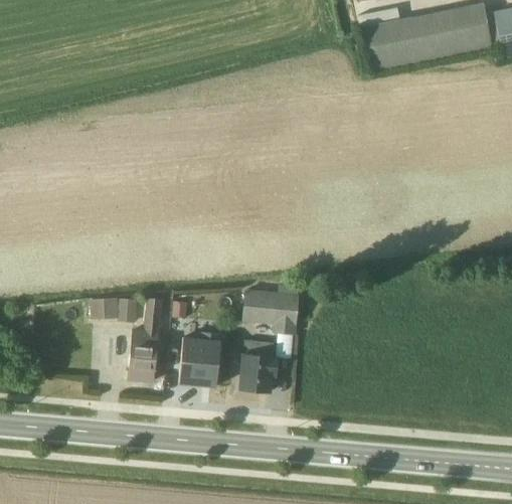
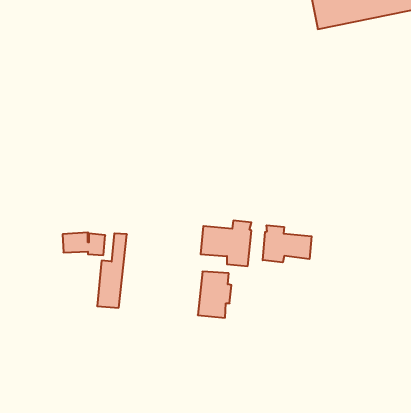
building: none -> [263,225,312,262]
building: [179,332,221,386] -> none

